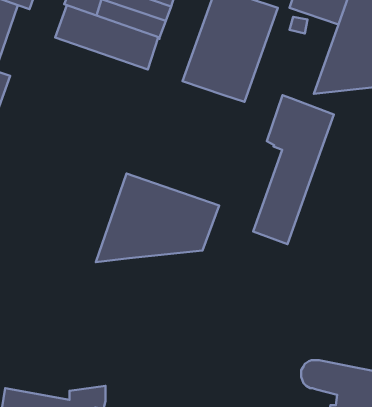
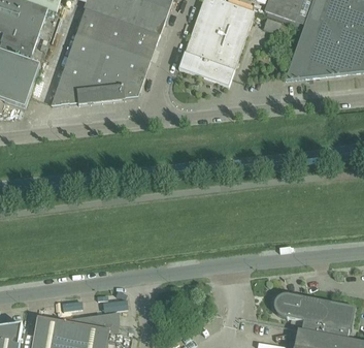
building: [253,95,334,244] -> none
building: [96,174,219,262] -> [52,33,151,104]

